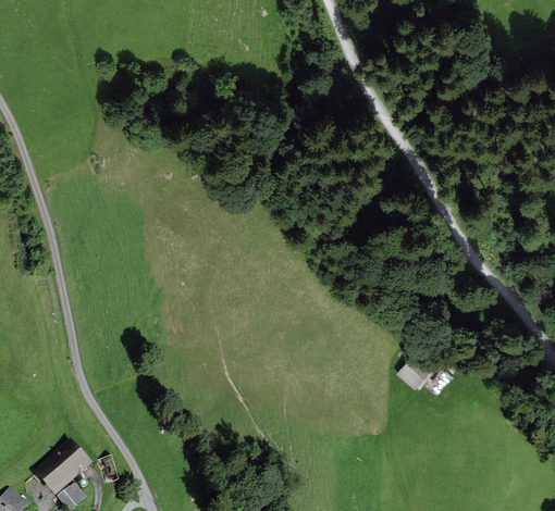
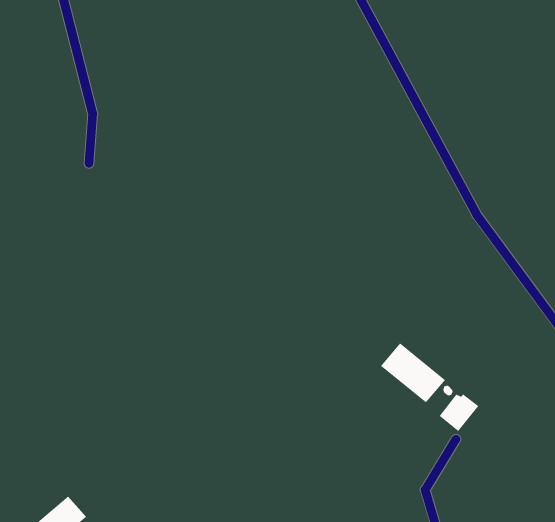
building: none -> [380,343,446,403]

